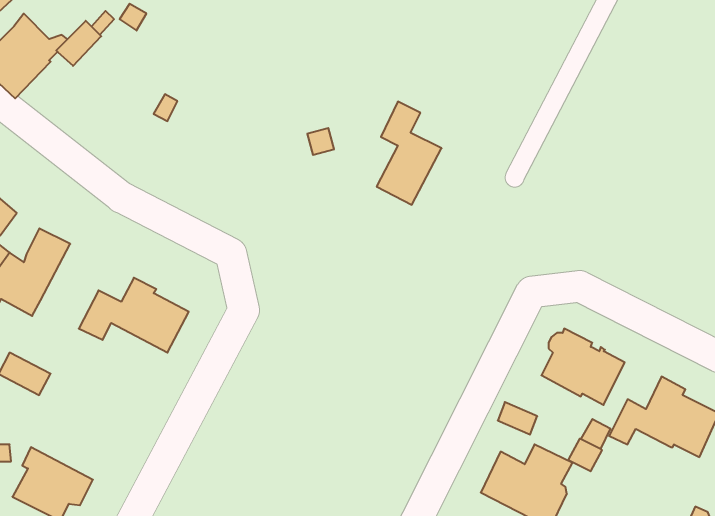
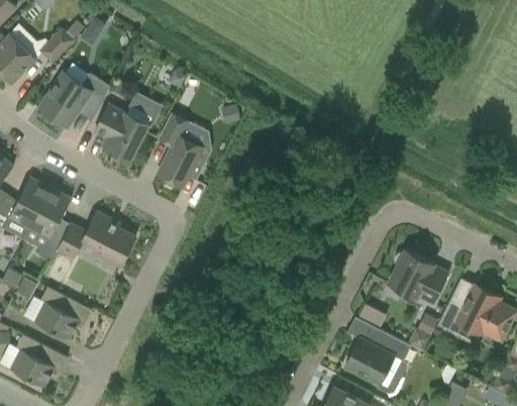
building: none -> [38,72,108,127]
building: [377,102,442,205] -> [157,114,203,188]
building: none -> [94,98,160,161]
building: none -> [29,189,71,262]
building: none -> [34,287,91,339]

